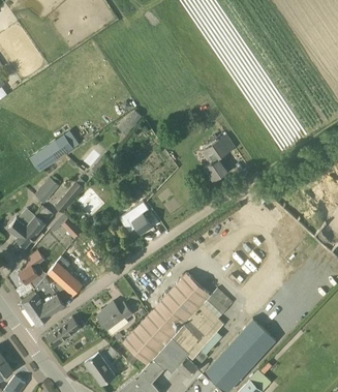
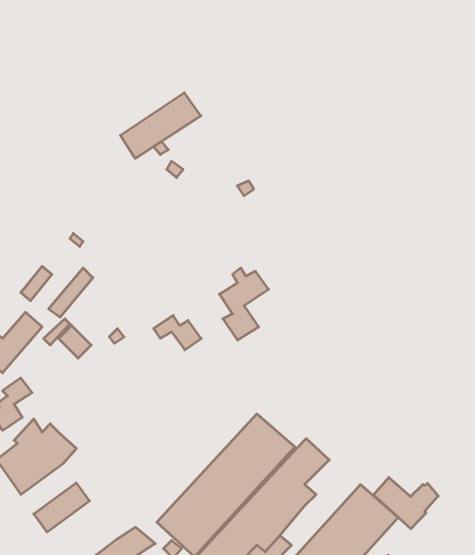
building: [30,130,81,172] -> [120,93,201,158]
building: [202,135,233,181] -> [219,268,269,340]
building: [48,257,82,296] -> none
building: [97,303,132,334] -> none
building: none -> [373,477,438,529]

